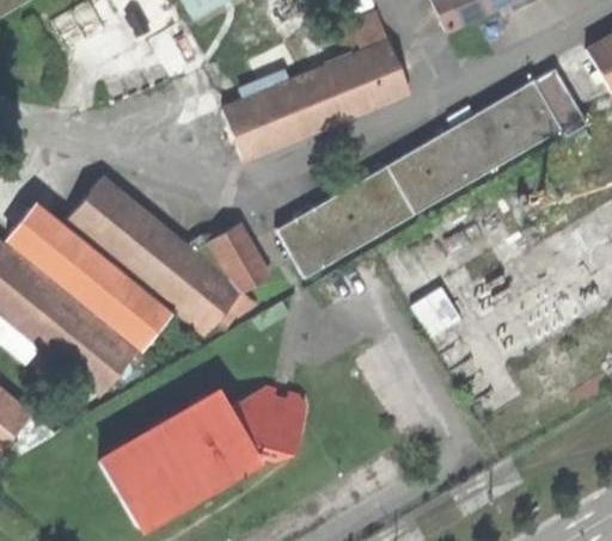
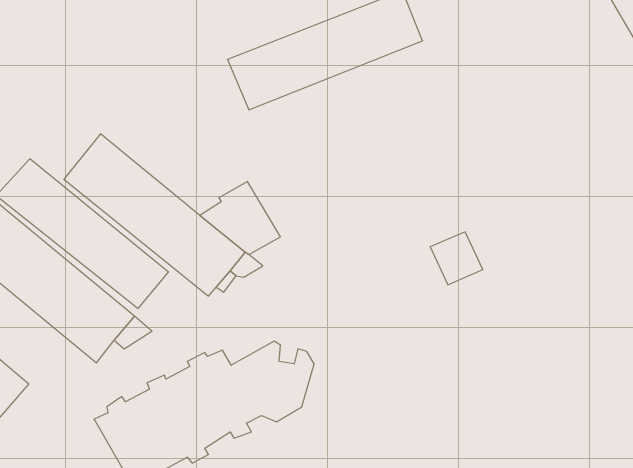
building: [279,74,574,275] -> none

